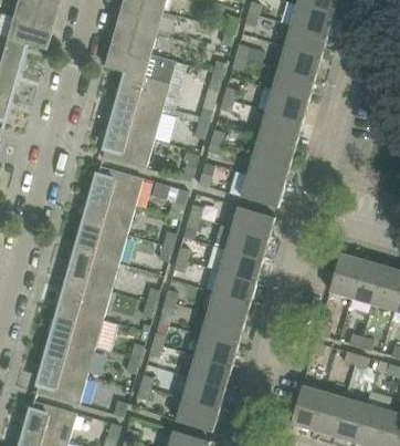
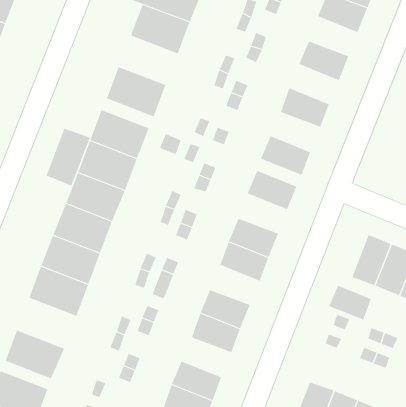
building: [272,68,314,100] -> none
building: [109,100,160,139] -> none
building: [259,111,302,143] -> none
building: [246,154,290,186] -> none
building: none -> [46,128,91,186]
building: [225,227,267,259] -> none
building: [207,291,250,323] -> none
building: none -> [328,285,371,320]
building: [43,335,94,376] -> none
building: [188,356,231,388] -> none

